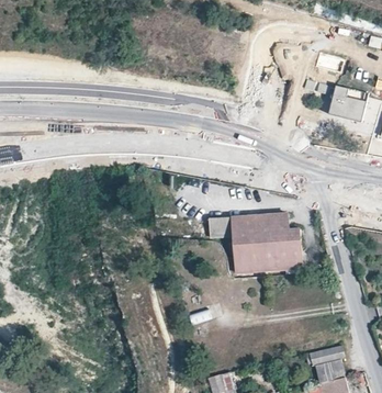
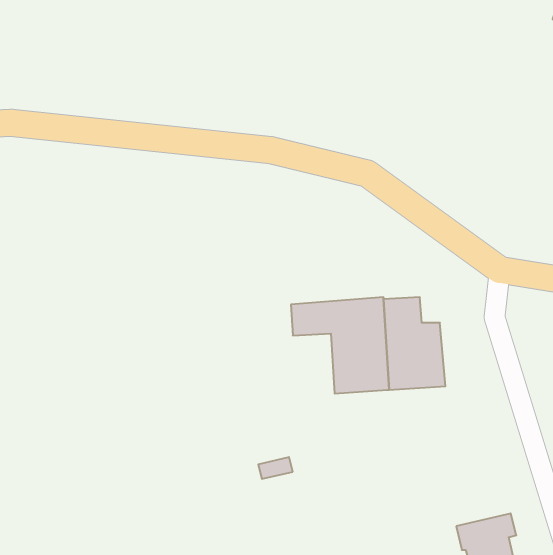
building: [326,93,361,121] -> none

